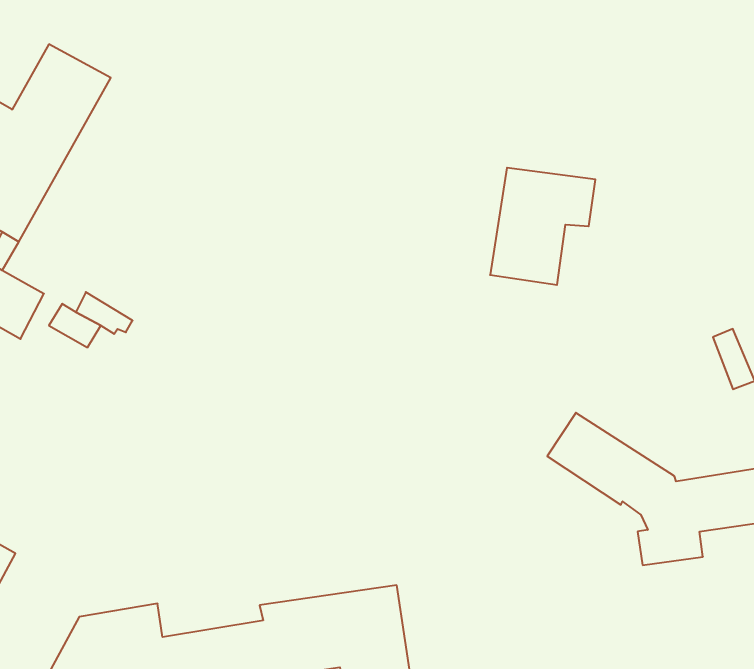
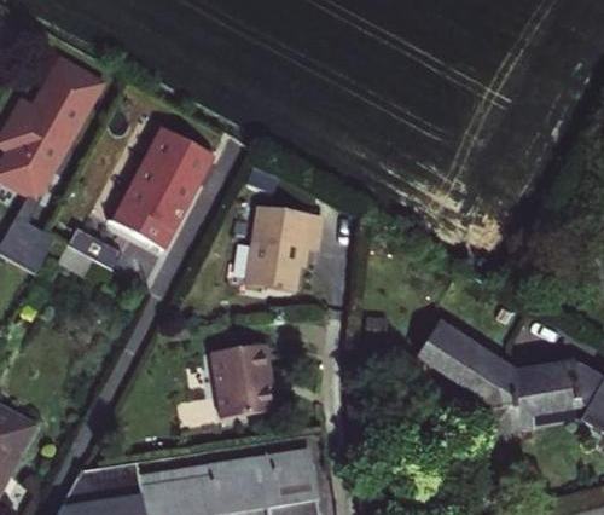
building: none -> [104,122,208,245]
building: [490,168,595,285] -> [248,207,324,291]
building: none -> [213,345,273,418]

